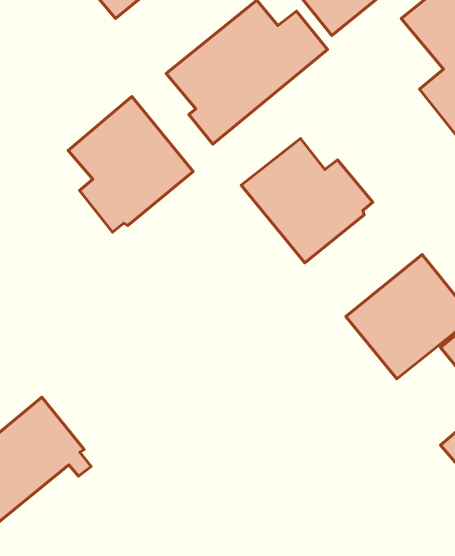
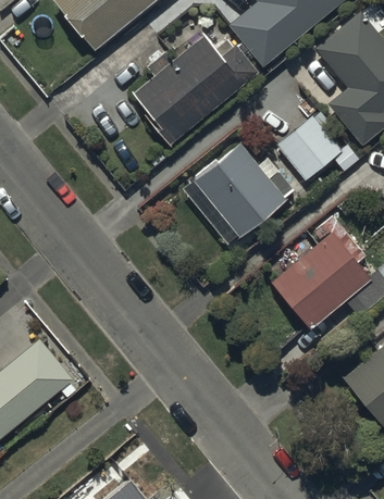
building: [68,97,193,232] -> none
building: none -> [276,114,342,180]

